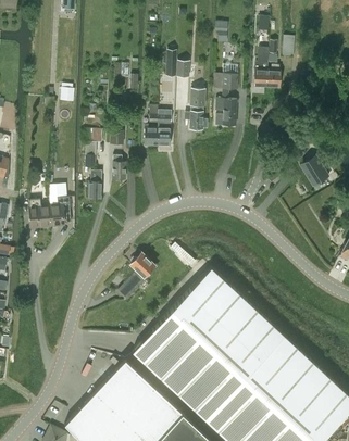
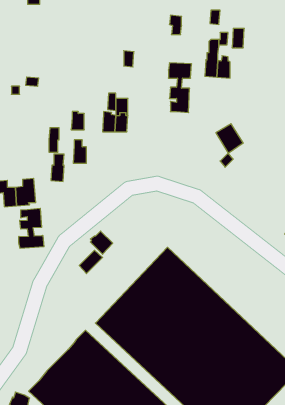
building: [184,89,207,133] -> none
building: [299,155,328,187] -> [216,124,243,153]
building: none -> [19,208,44,248]

